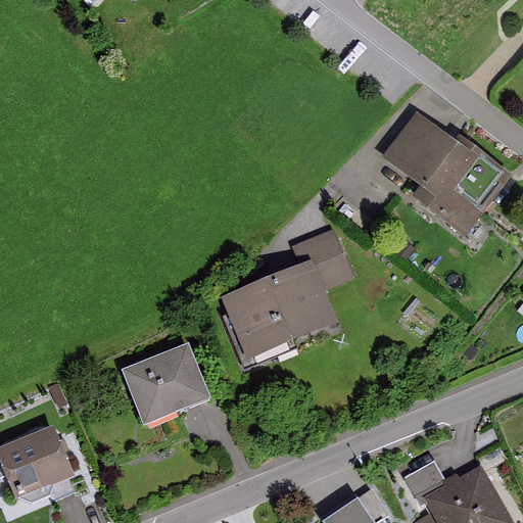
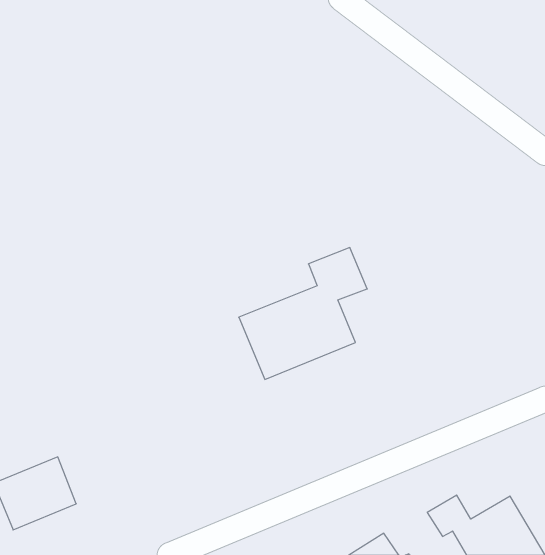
building: [384,114,480,230] -> none
building: [125,343,210,424] -> none

